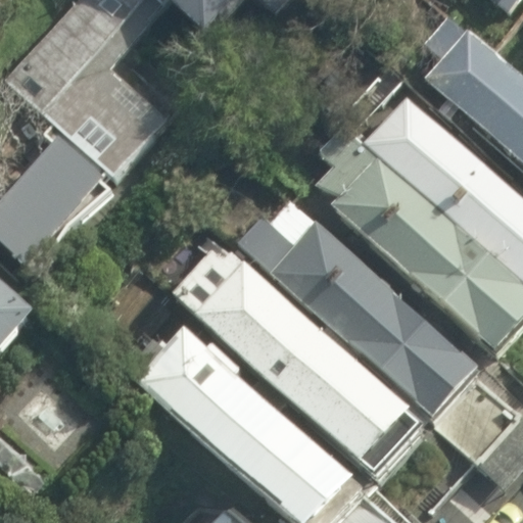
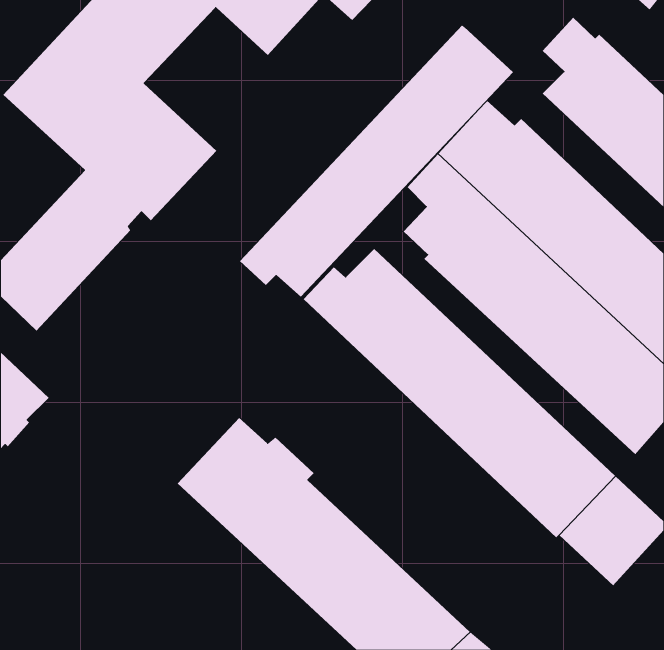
building: none -> [239,24,514,297]
building: [175,248,425,480] -> none

